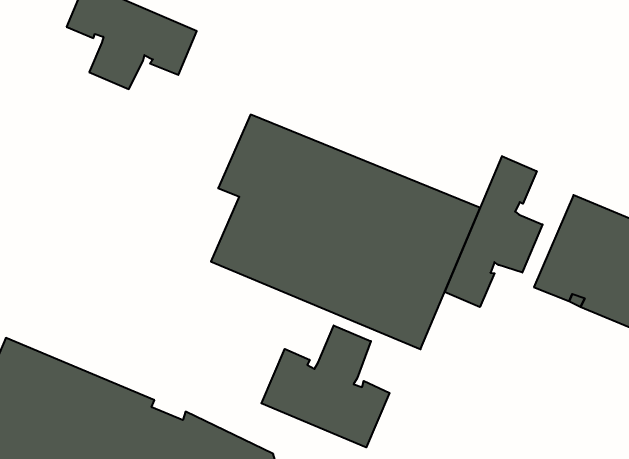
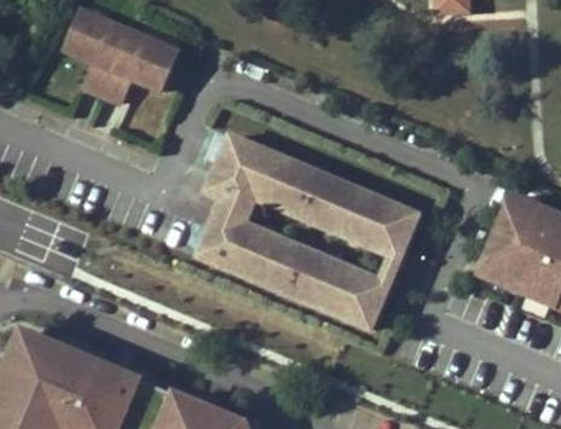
building: [445,156,543,307] -> none
building: [261,325,390,447] -> none

